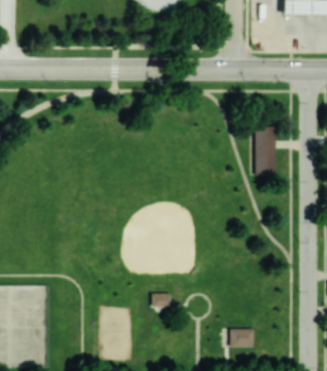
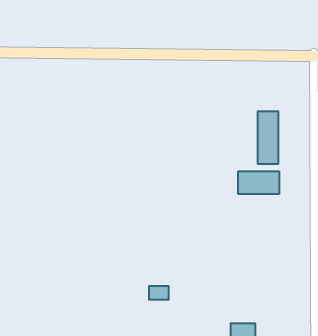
building: none -> [238,171,279,194]

